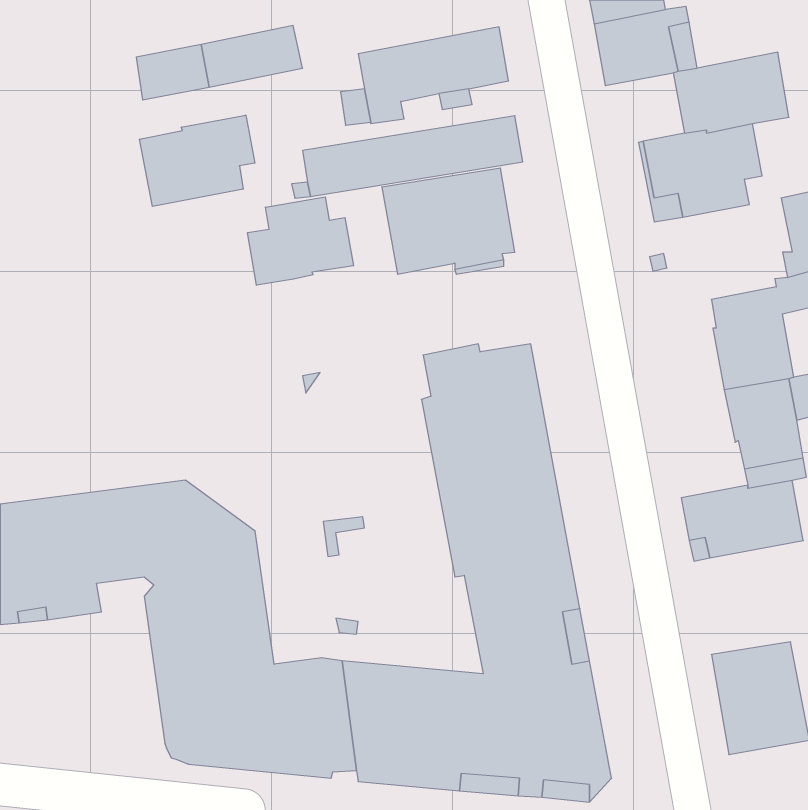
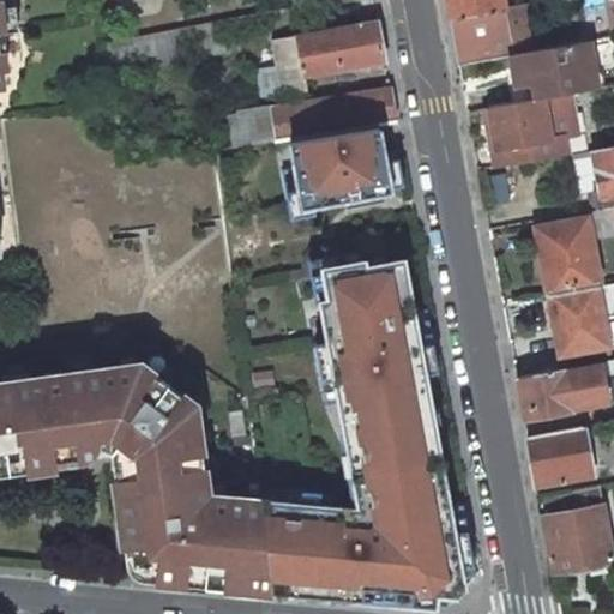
building: [140,115,255,206] -> none
building: [248,197,354,285] -> none
building: none -> [529,427,592,486]

